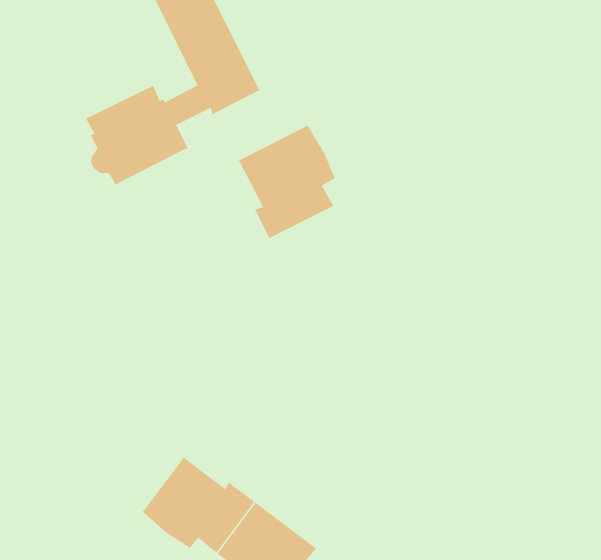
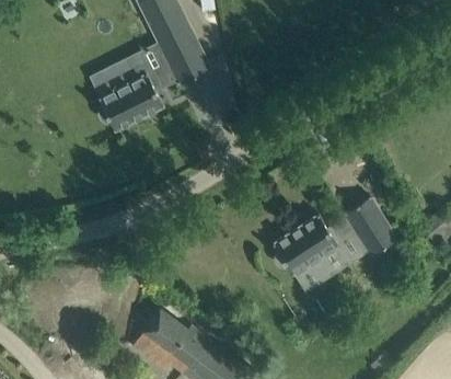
building: [238,125,335,239] -> none
building: none -> [273,197,396,283]

